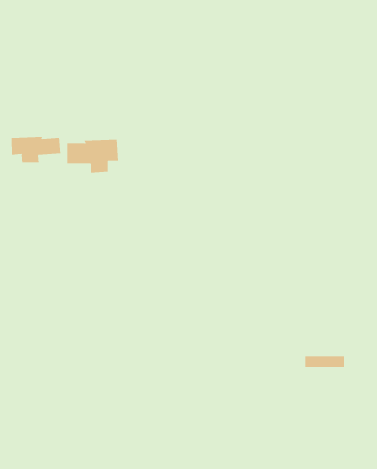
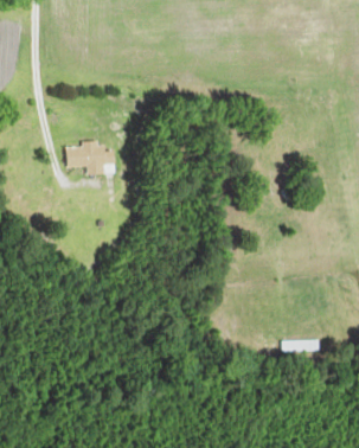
building: [11,136,61,163] -> none

